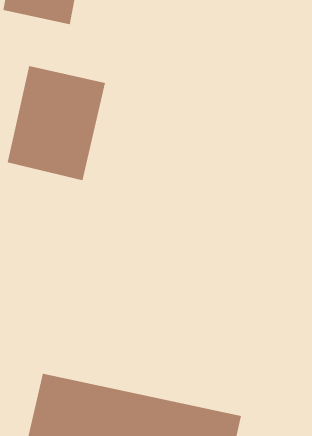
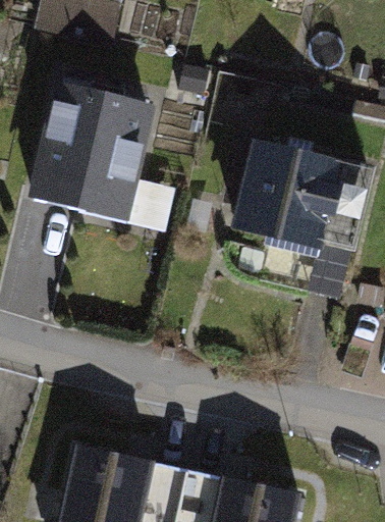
building: none -> [238,151,358,255]

